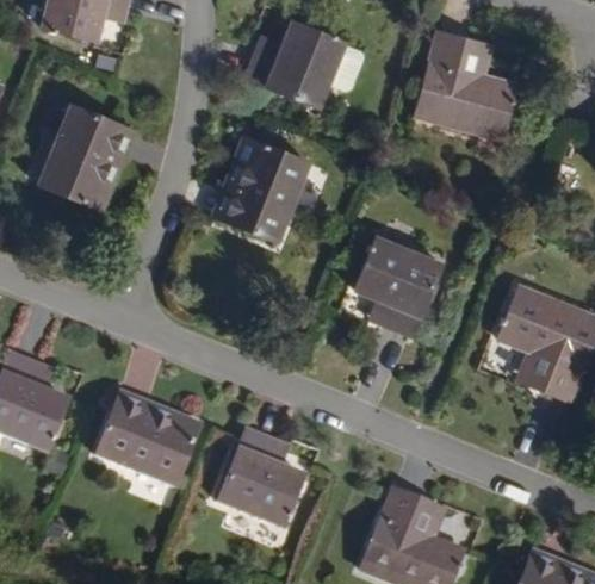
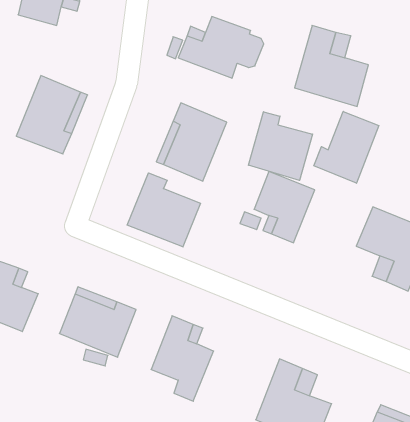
building: none -> [314,111,379,183]
building: none -> [248,112,313,180]
building: none -> [127,173,201,247]

